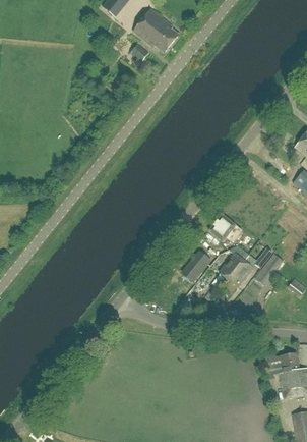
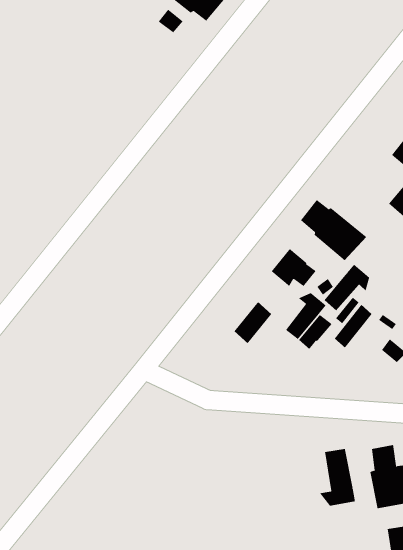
building: none -> [300,199,367,261]
building: none -> [324,264,370,311]
building: none -> [319,448,356,507]

